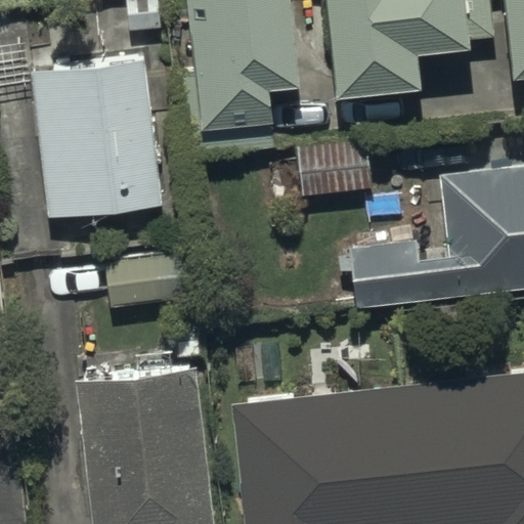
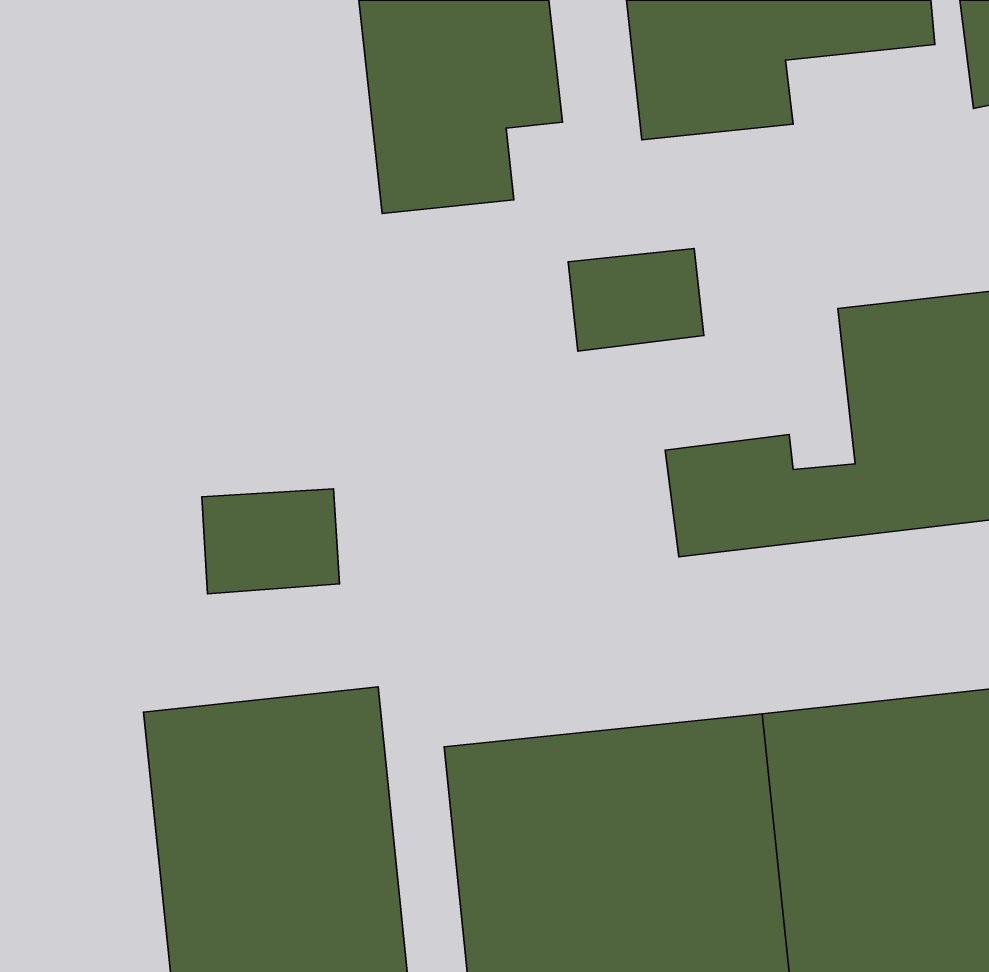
building: [32,74,161,234] -> none

